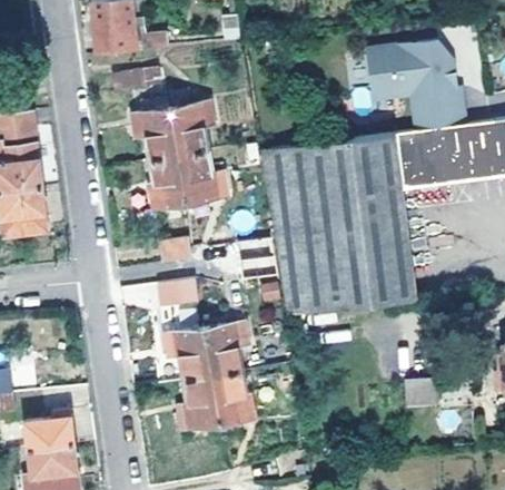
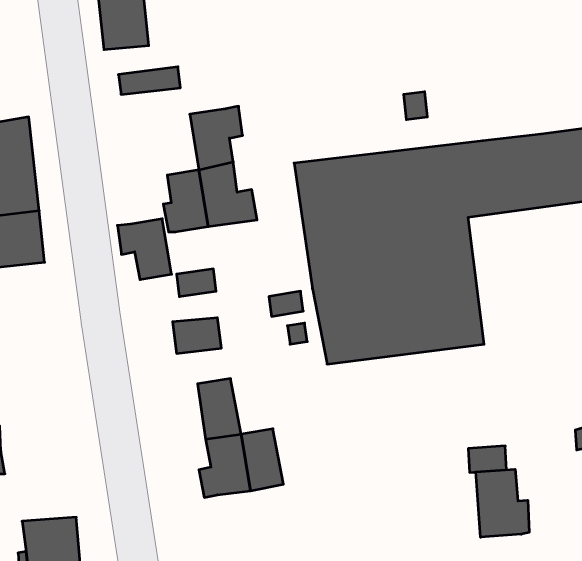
building: [372,41,466,129] -> none
building: [132,107,178,158] -> [117,219,172,280]
building: [205,324,247,376] -> none
building: none -> [476,469,529,537]
building: [27,412,75,450] -> none

